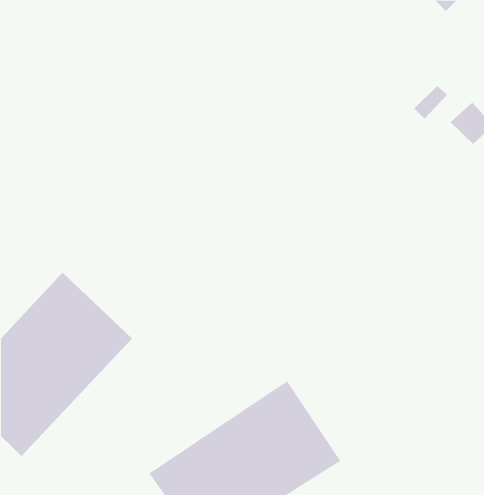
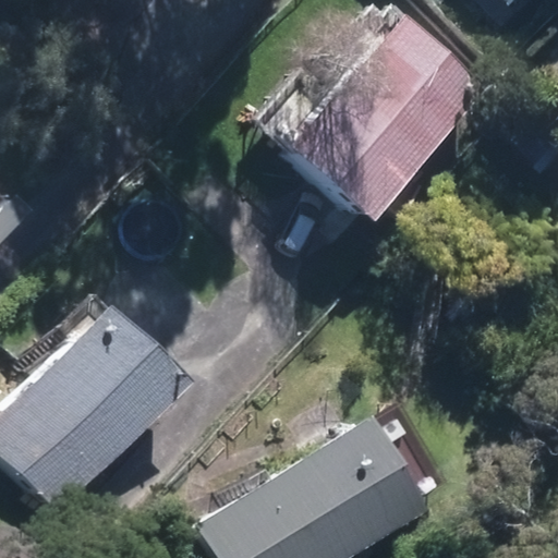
building: none -> [293,17,493,222]

